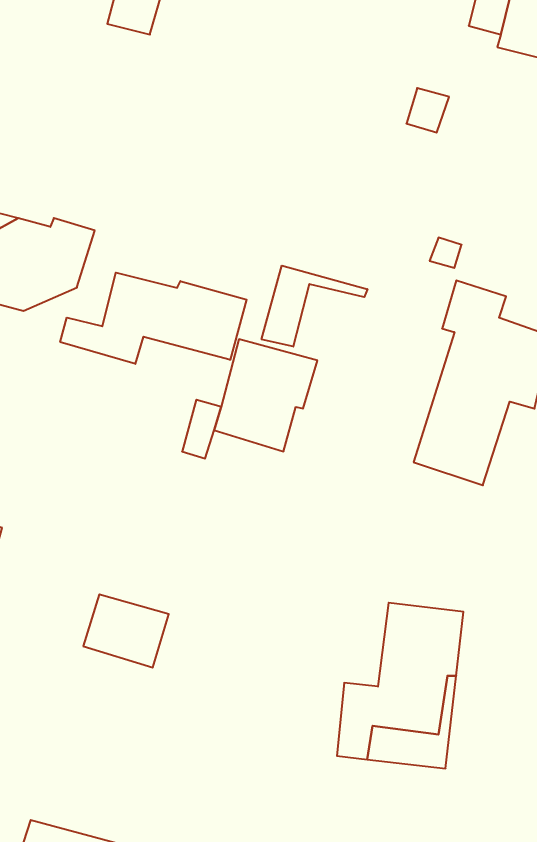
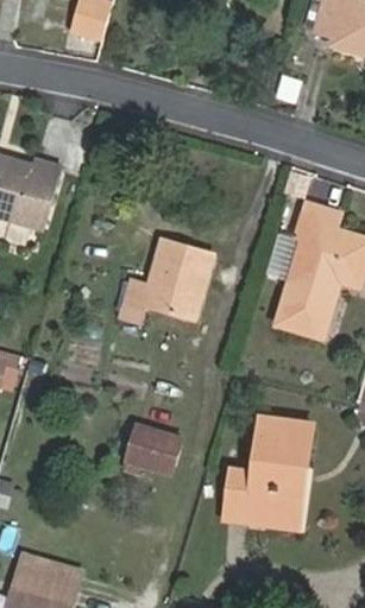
building: [262,266,367,347] -> none
building: [60,273,247,364] -> none
building: [83,594,169,668] -> [124,426,181,475]

